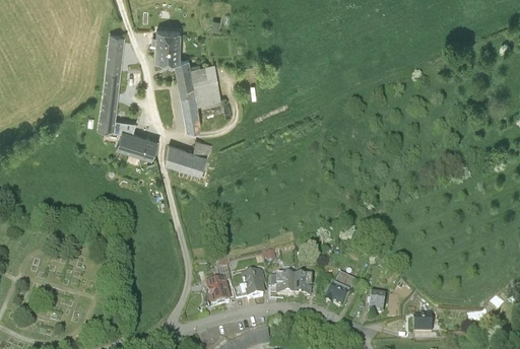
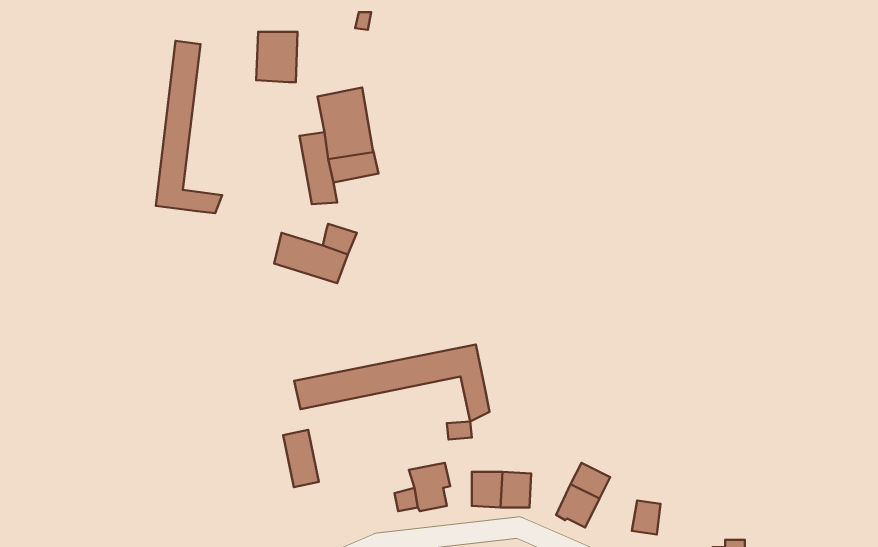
building: [173,56,193,86] -> none
building: [116,129,156,154] -> none
building: none -> [294,344,489,421]
building: [207,270,228,302] -> [283,430,319,487]

